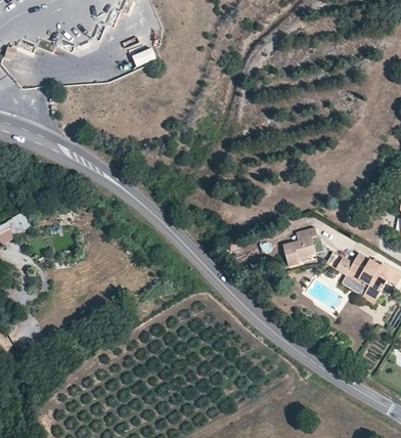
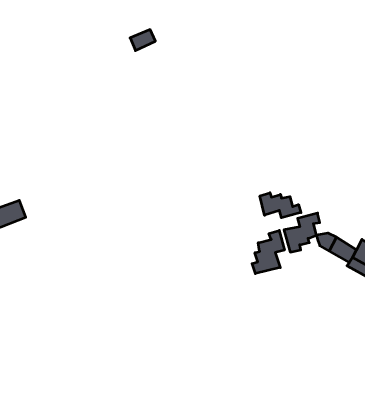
building: none -> [260,193,301,218]
building: none -> [252,230,284,274]

